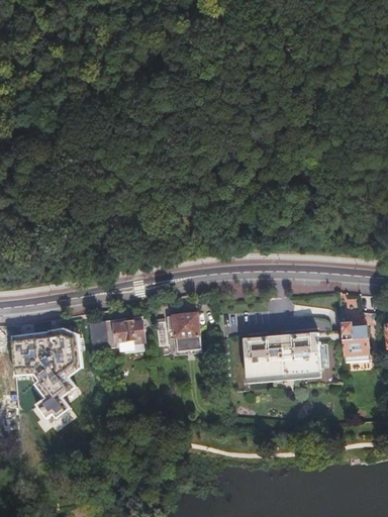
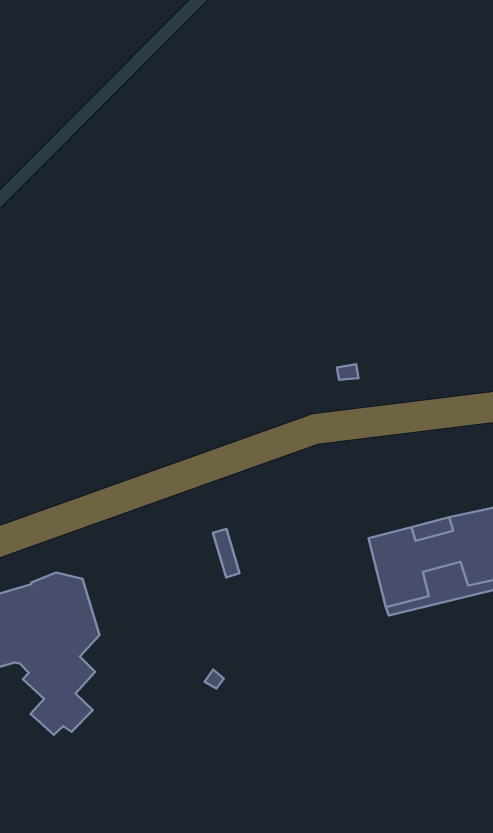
building: [168,307,202,354] -> none
building: [88,315,146,353] -> none

